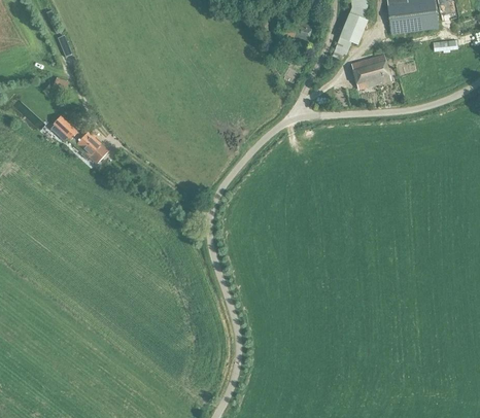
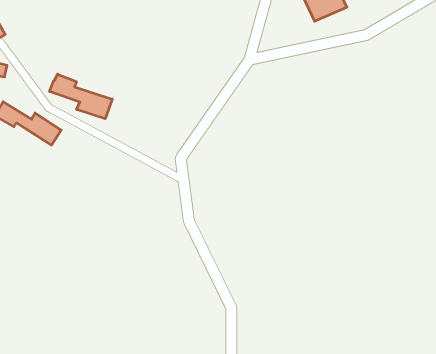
building: none -> [50,74,112,119]

